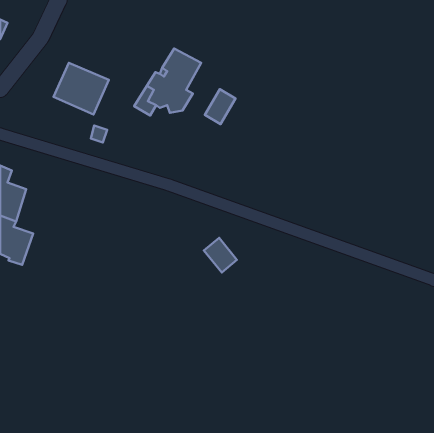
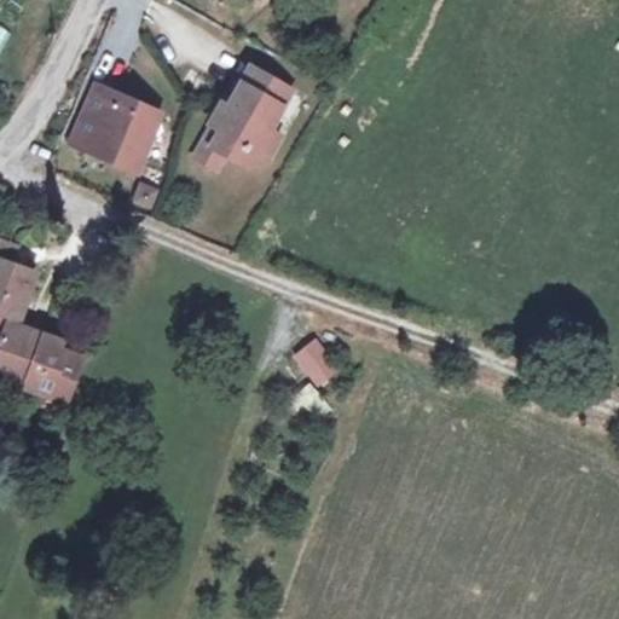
building: [205,89,235,124] -> none
building: none -> [28,334,88,403]

